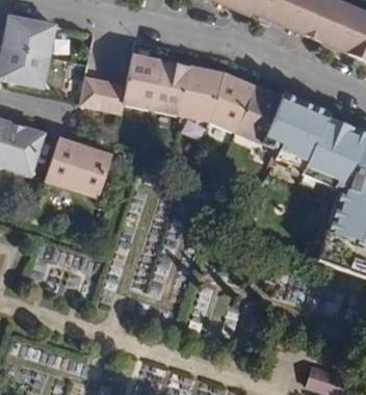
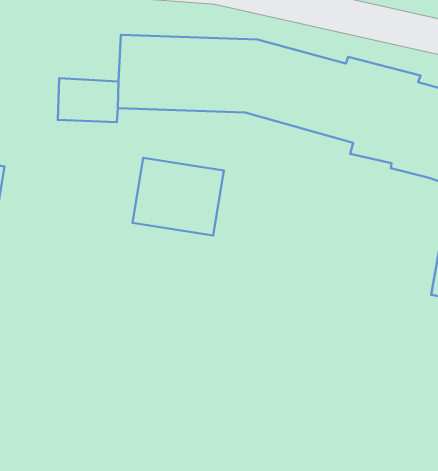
building: [44,137,110,196] -> [133,158,224,235]

